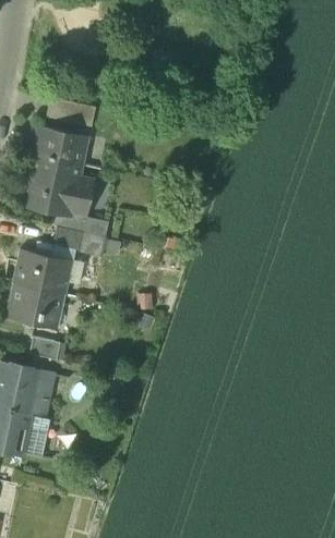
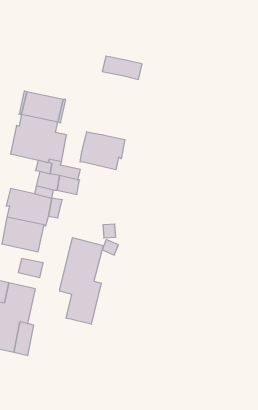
building: [46,97,96,126] -> [102,56,142,79]
building: none -> [80,132,125,170]
building: none -> [60,238,103,324]

